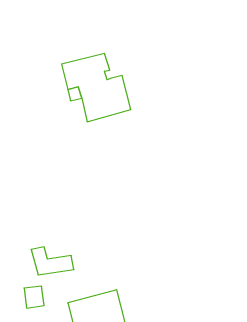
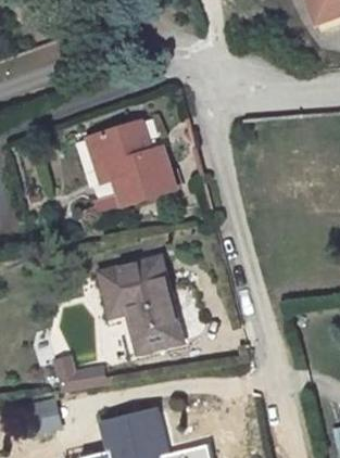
building: none -> [101,259,177,351]

